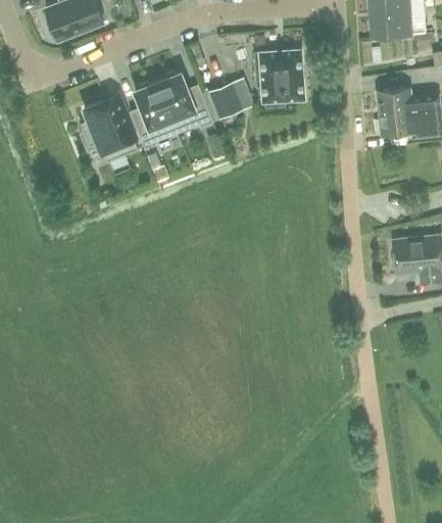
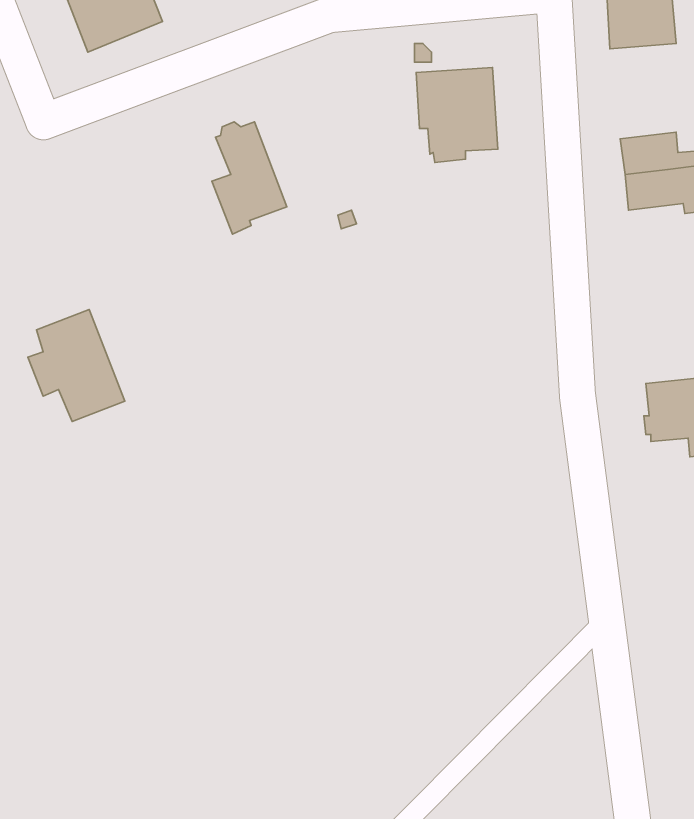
building: [158,70,213,132] -> none
building: [209,82,243,118] -> none
building: [80,93,138,160] -> [28,309,125,422]

